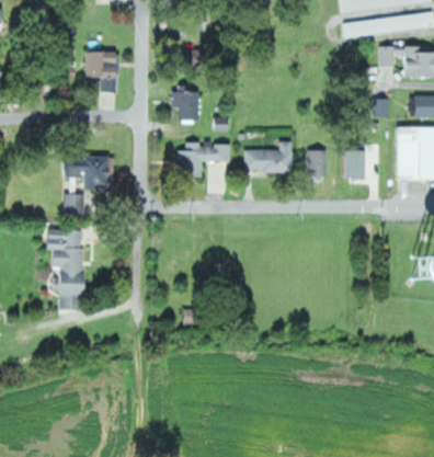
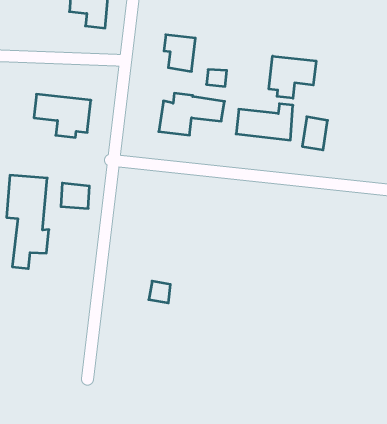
building: none -> [269,56,316,98]
building: [342,150,365,178] -> none
building: [60,194,85,215] -> [61,183,89,208]

